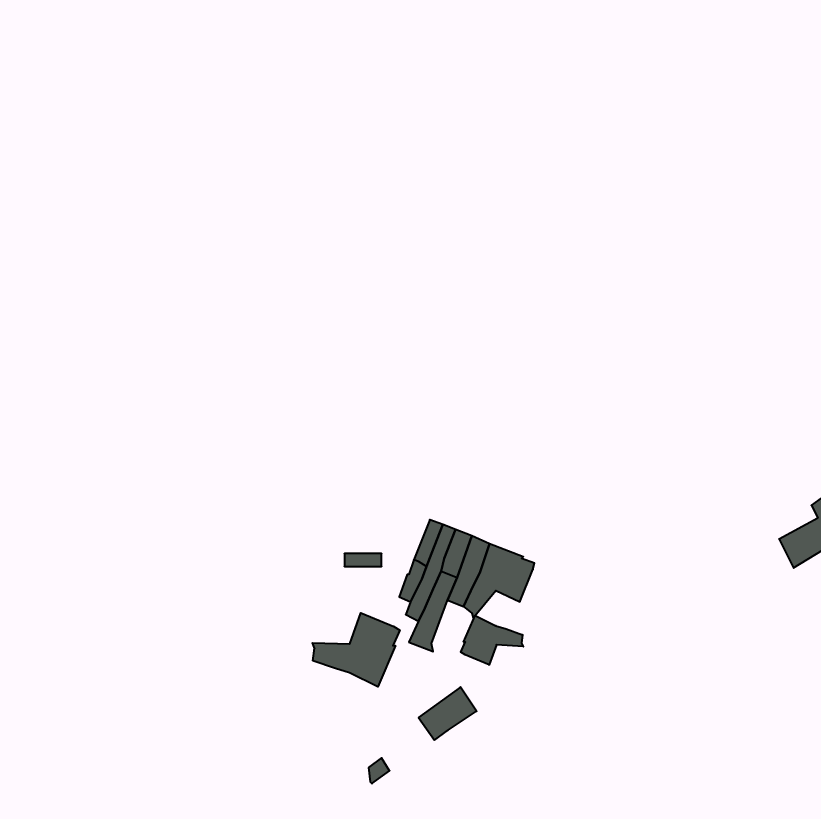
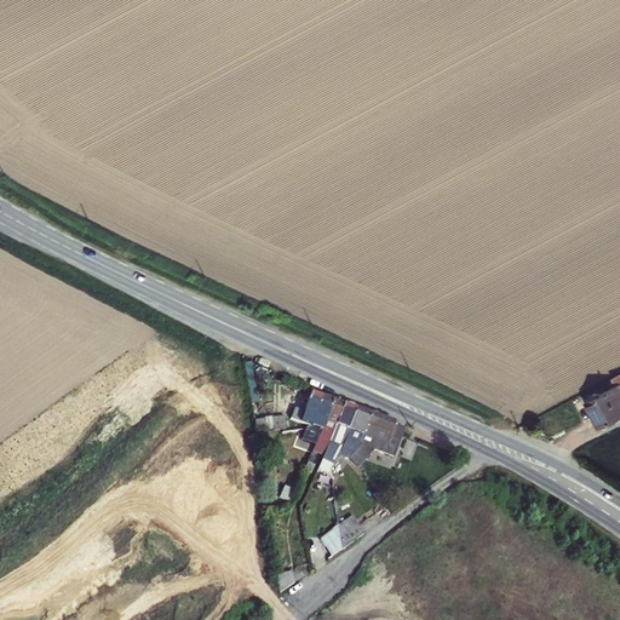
building: [312,613,400,687] -> none
building: [461,615,523,665] -> none

